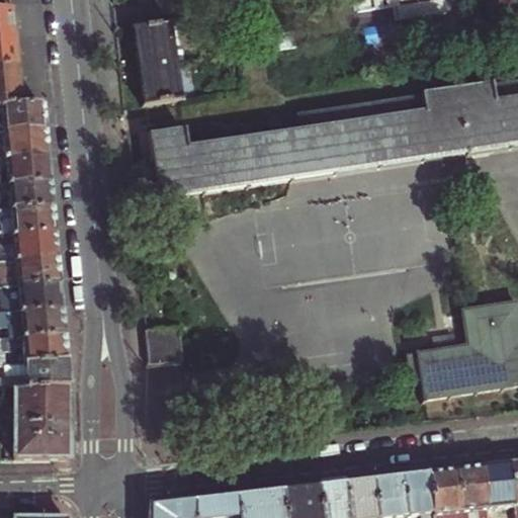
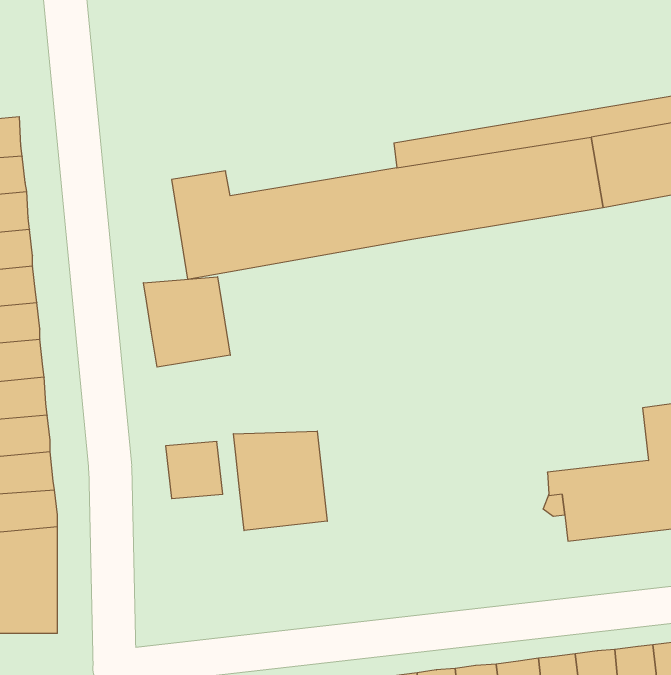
building: [132,26,181,111] -> none
building: none -> [143,277,230,367]
building: none -> [233,431,327,531]

